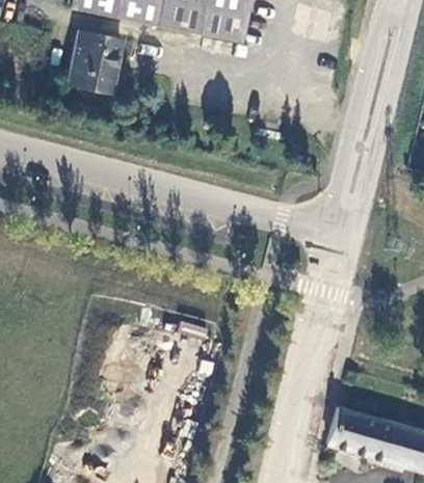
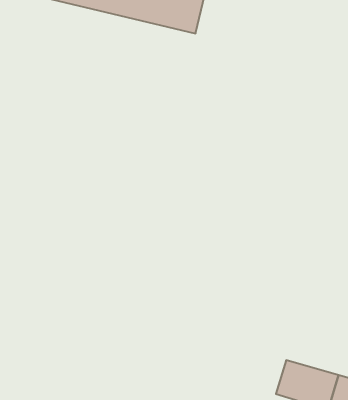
building: [68,24,124,88] -> none

